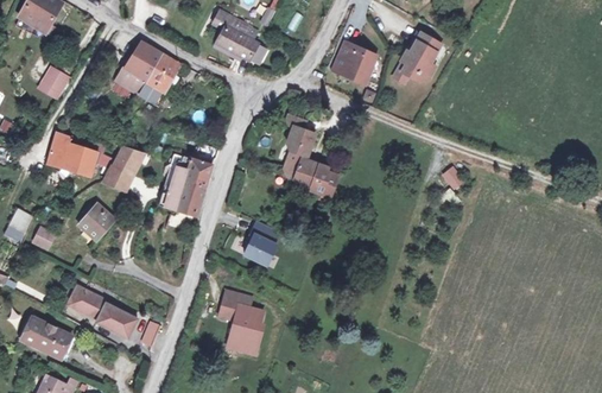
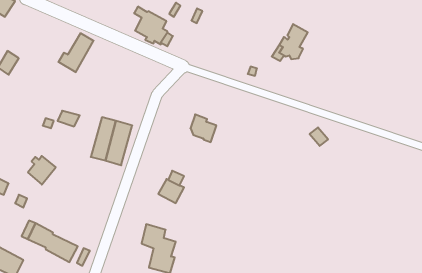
building: [332,44,372,80] -> none
building: [138,55,180,108] -> none
building: [285,113,315,156] -> none
building: [45,133,93,176] -> none
building: [97,158,135,190] -> none
building: [309,164,340,197] -> none

